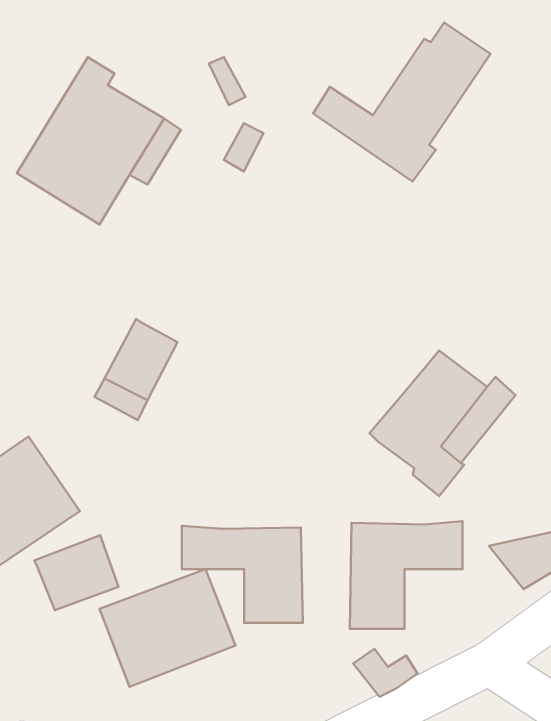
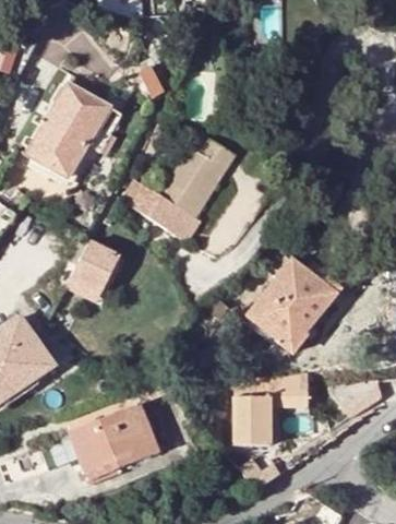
building: [313,22,490,181] -> [122,135,239,240]
building: [182,526,303,623] -> none
building: [34,535,119,610] -> none

